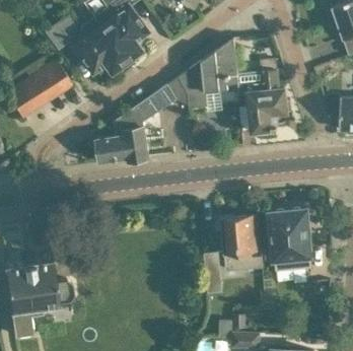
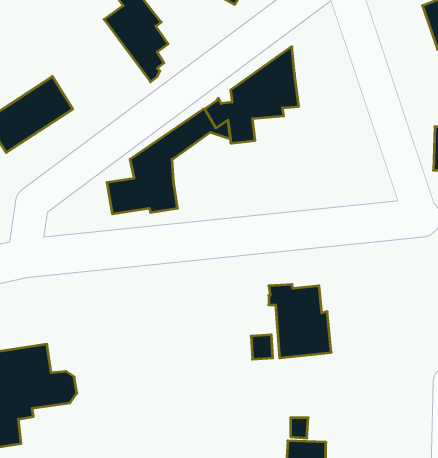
building: [46,14,129,71] -> none
building: [249,60,292,132] -> none
building: [270,208,311,272] -> none

